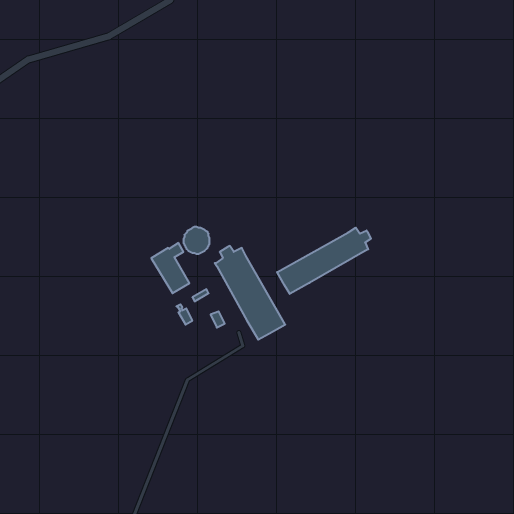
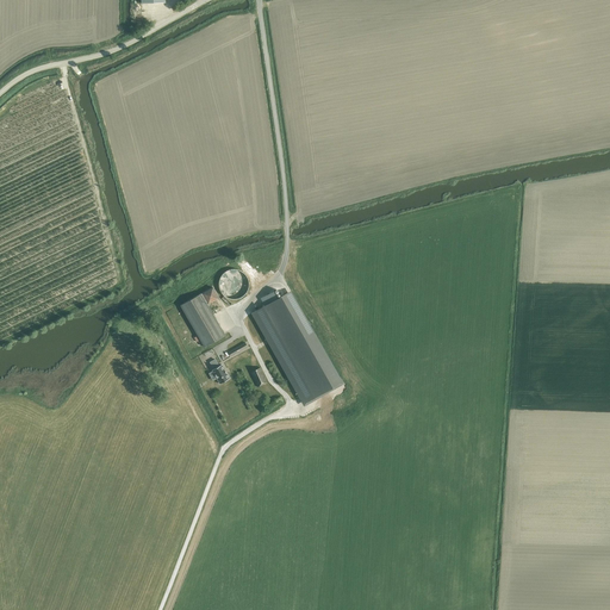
building: [277,228,371,294] -> none

